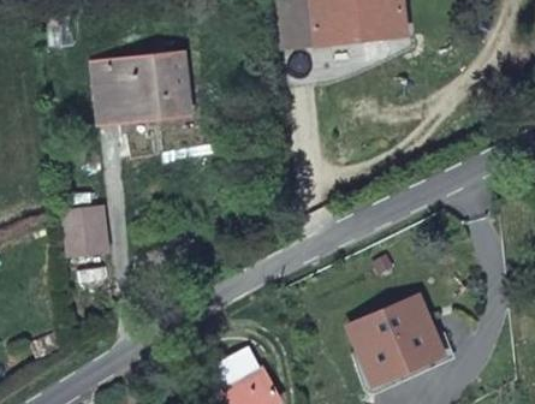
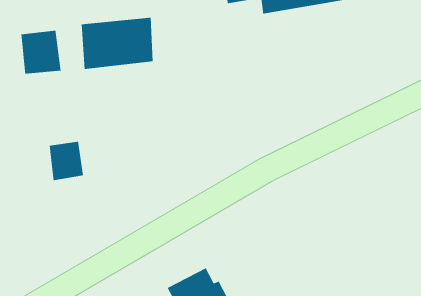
building: none -> [21,30,61,74]
building: [349,297,436,376] -> none

